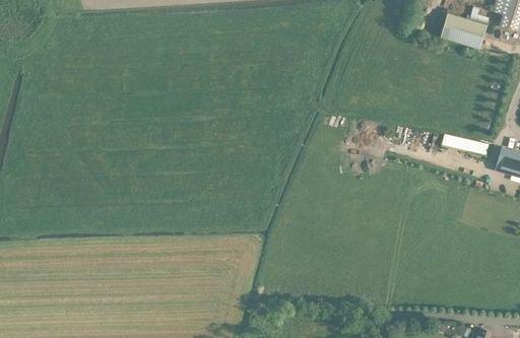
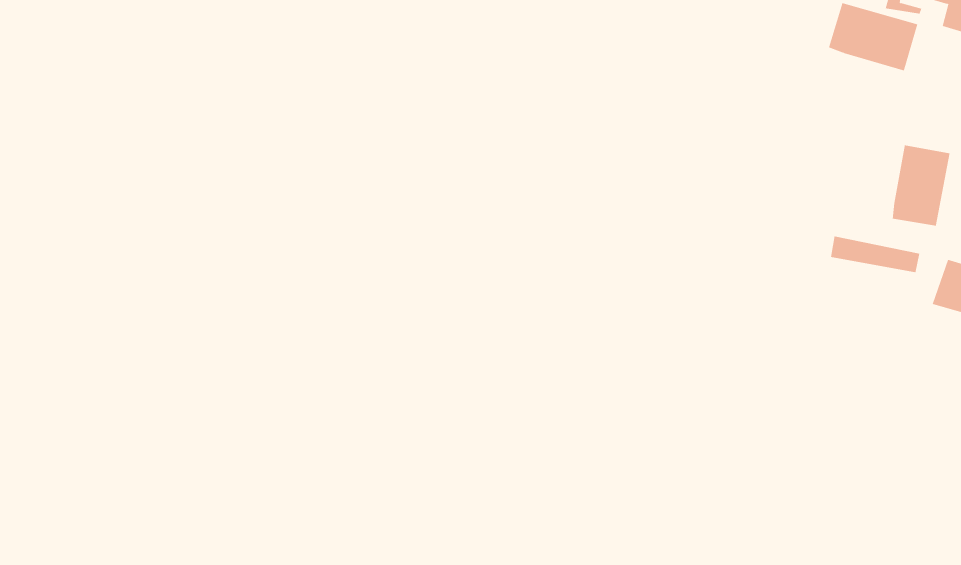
building: none -> [892,144,950,226]

